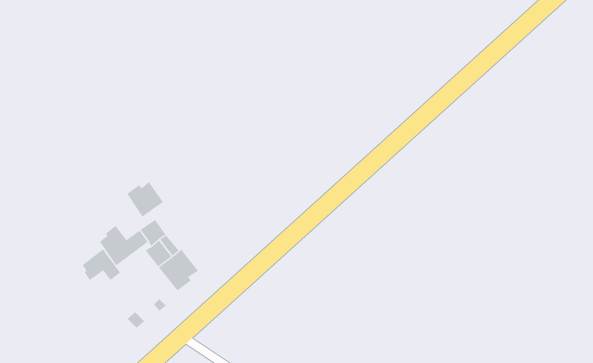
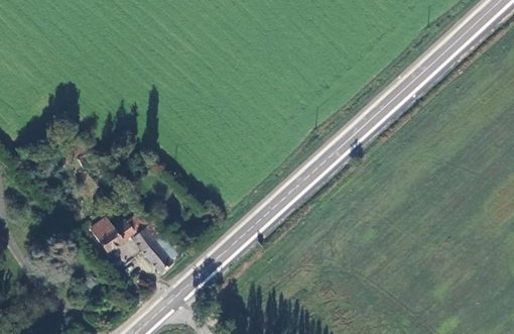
building: [126,181,163,217] -> none
building: [82,248,121,281] -> none

